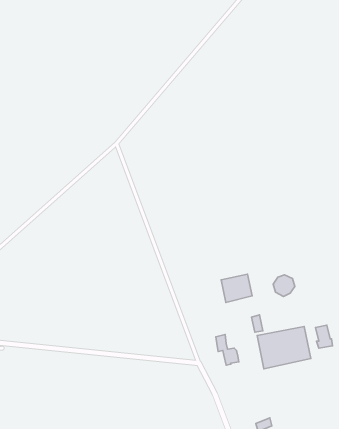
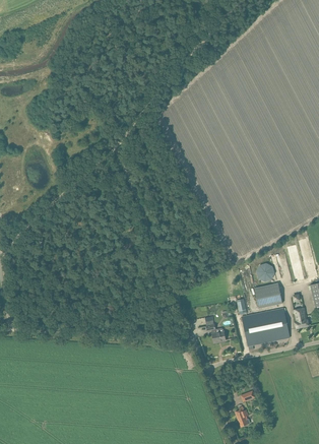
building: [221,274,252,303] -> [255,283,282,309]

